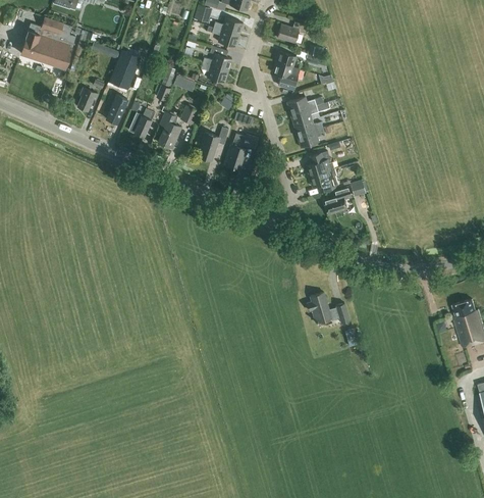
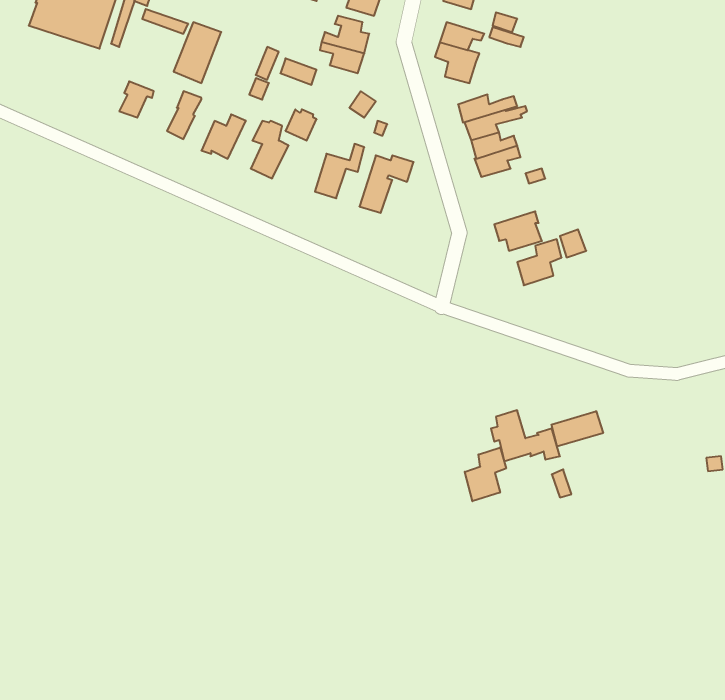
building: [306,152,334,178] -> none
building: none -> [551,411,603,447]
building: none -> [465,447,506,501]

